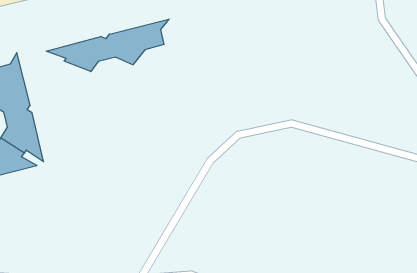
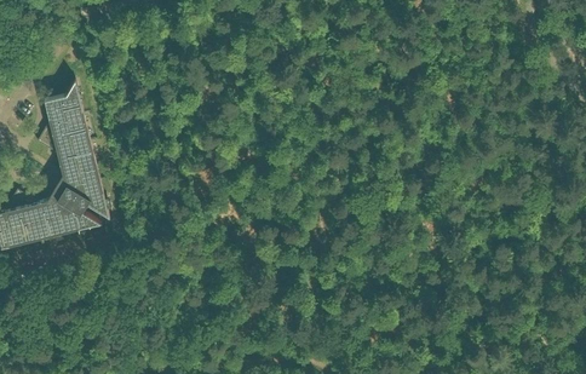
building: [46,19,169,72] -> none

